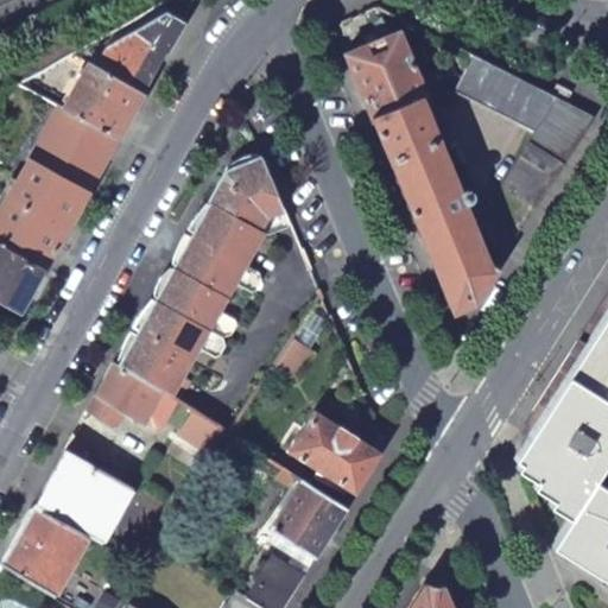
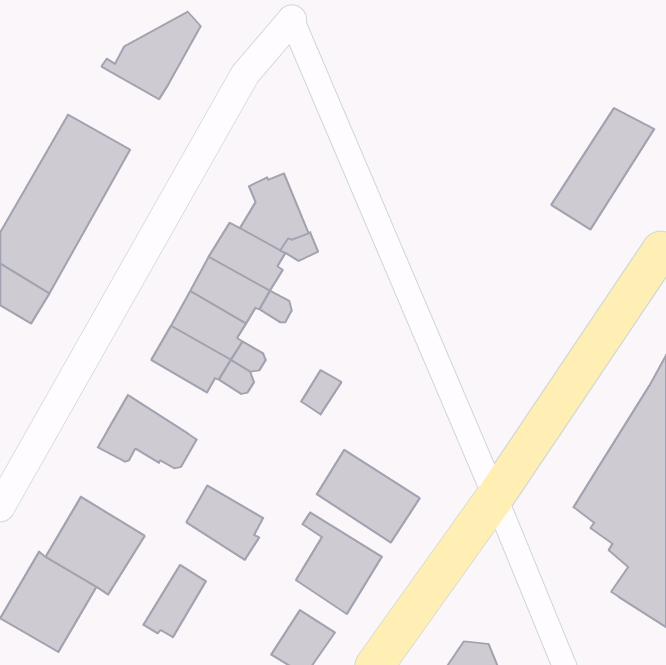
building: [347,31,505,315] -> none
building: [454,55,553,133] -> none
building: [66,62,145,138] -> none
building: [119,329,189,397] -> [186,486,263,560]
building: none -> [143,565,206,637]

